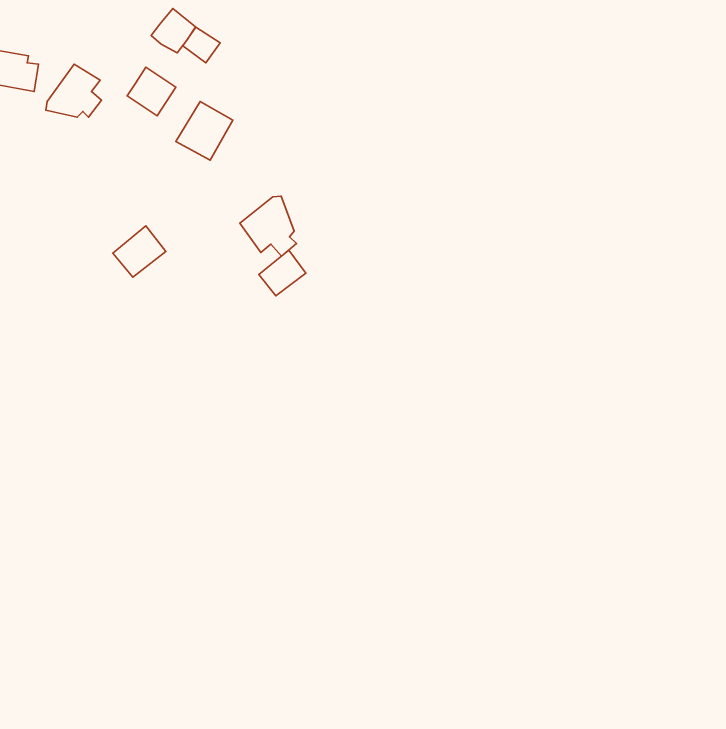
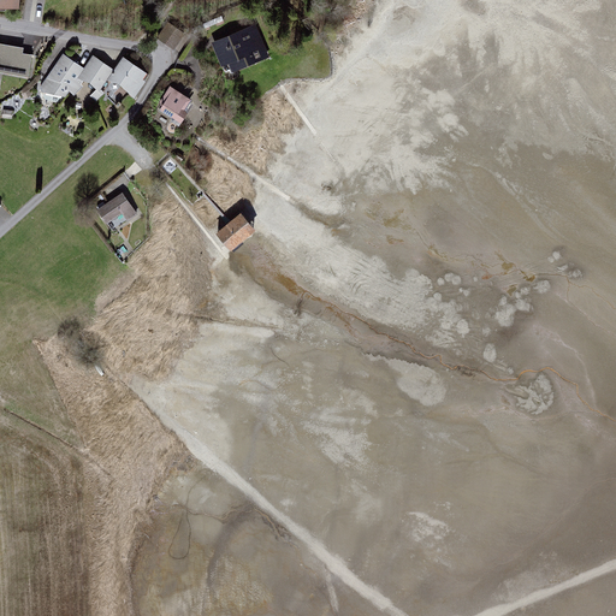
building: [151,8,196,53] -> [77,54,114,91]
building: none -> [211,25,267,76]
building: [240,196,296,256] -> none

